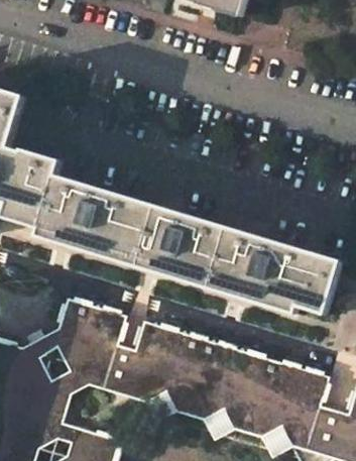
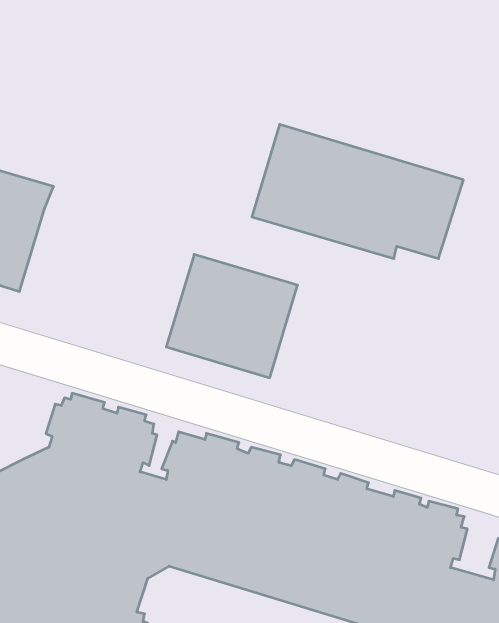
building: [32,174,148,263] -> none
building: [198,223,336,311] -> [252,124,463,259]

